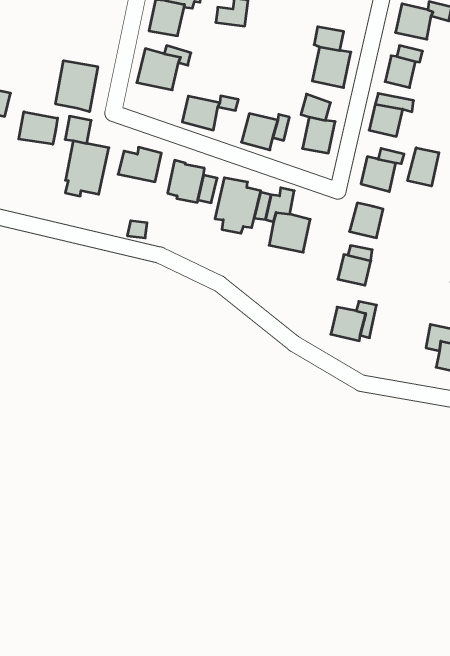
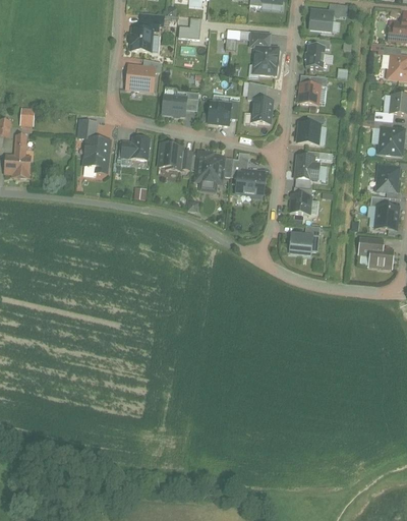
building: [56,61,98,112] -> none
building: [19,112,58,144] -> none
building: [408,148,439,186] -> none

